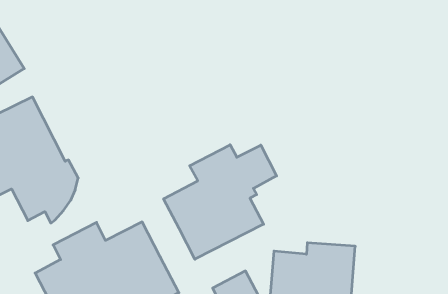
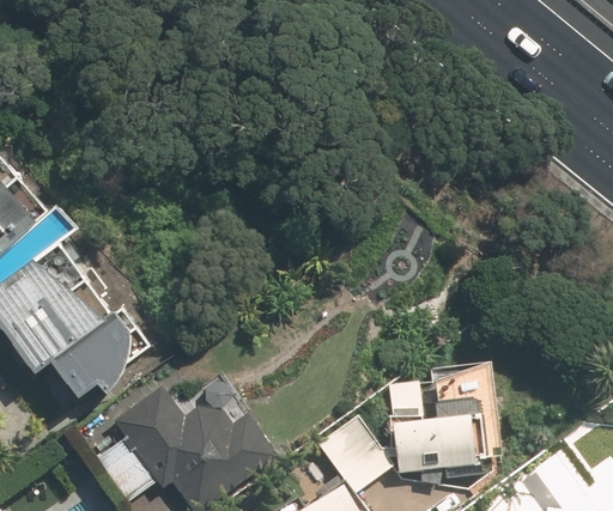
building: [164,145,277,259] -> none

